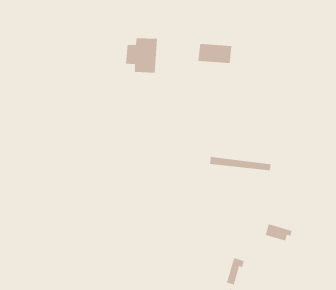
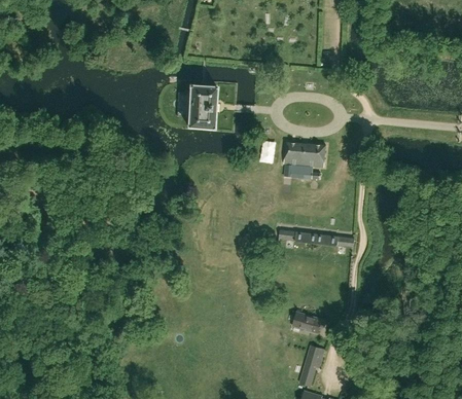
building: [198,43,232,64] -> [285,142,327,167]
building: [265,223,293,241] -> [293,312,327,333]

